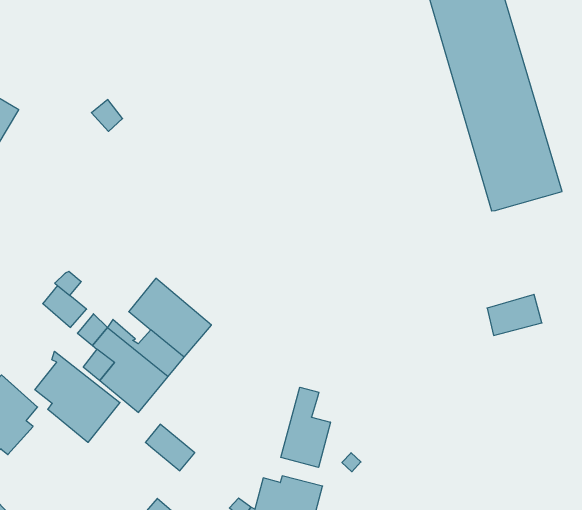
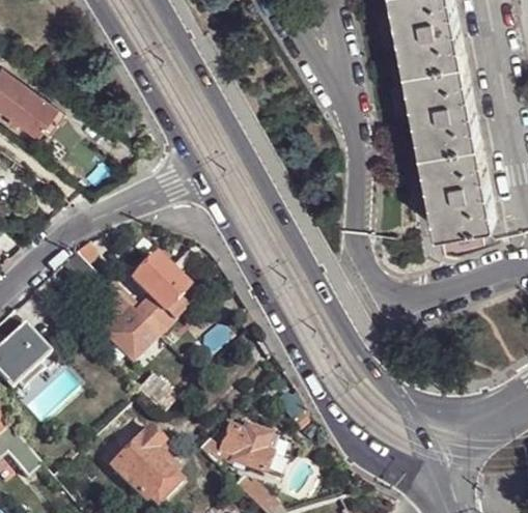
building: [487,294,542,335] -> [437,219,480,249]
building: [35,351,120,442] -> none
building: [281,387,330,467] -> none

